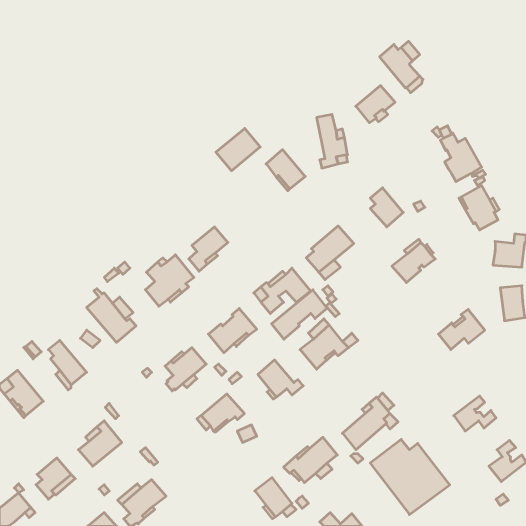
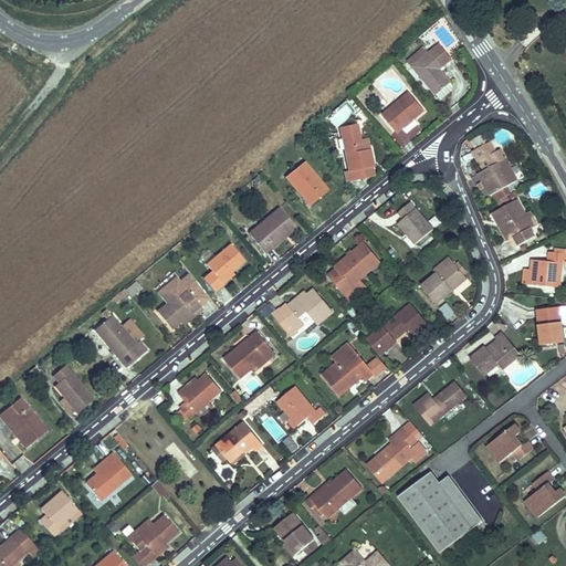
building: [216,128,260,171] -> [248,207,295,252]
building: [272,290,327,339] -> [366,303,426,356]
building: none -> [413,381,465,424]

